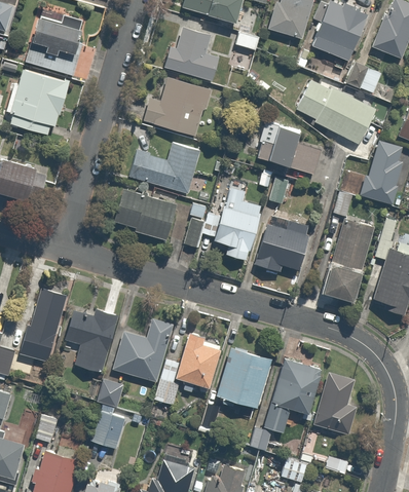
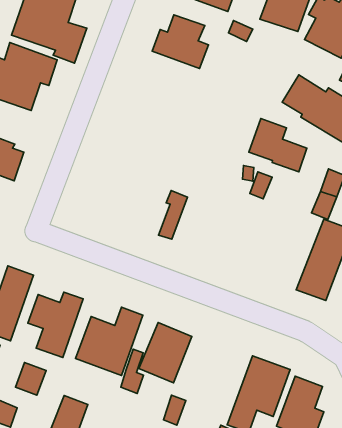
building: [144,76,211,137] -> none
building: [129,144,198,192] -> none
building: [202,186,261,261] -> none
building: [113,190,178,242] -> none
building: [253,219,309,272] -> none
building: [215,343,273,408] -> none
building: [96,378,124,409] -> [15,363,46,395]

